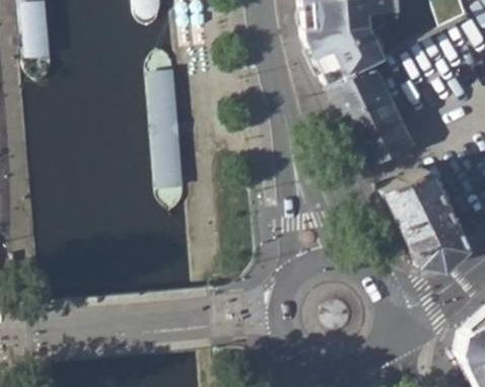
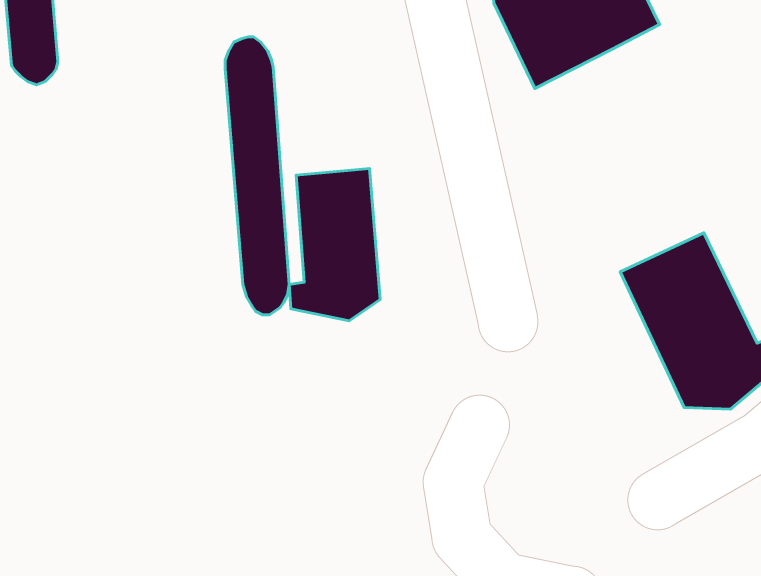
building: [328,62,412,165] -> none
building: none -> [289,169,380,321]

